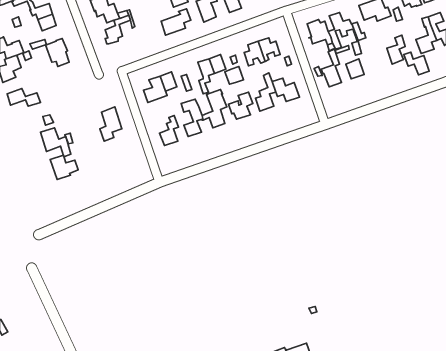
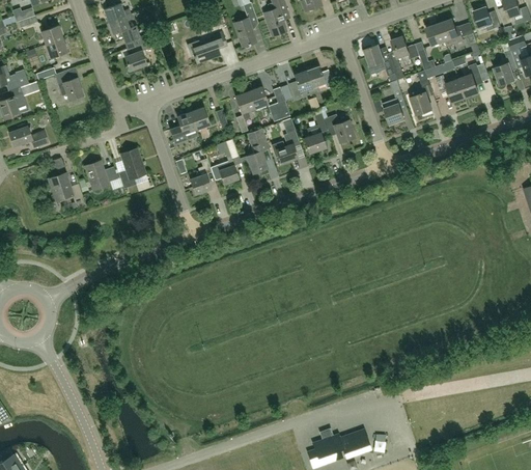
building: [404,52,429,75] -> [436,75,466,102]
building: [50,155,78,180] -> [85,161,118,190]

